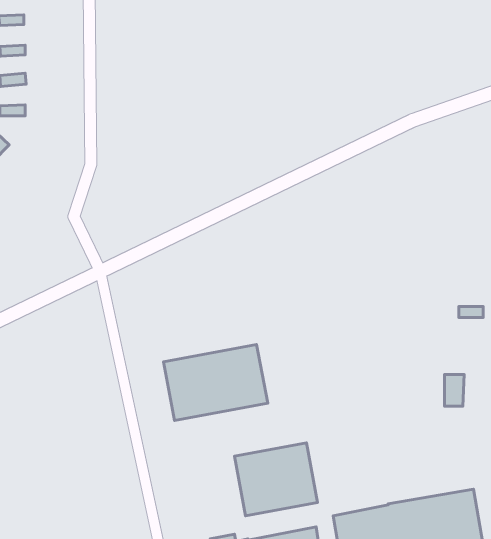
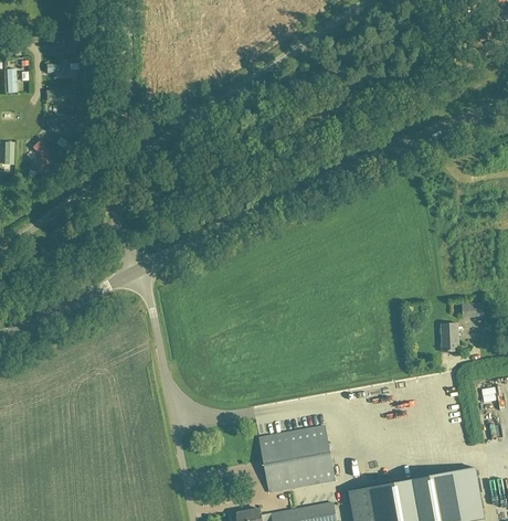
building: [163,344,268,420] -> none
building: [445,375,464,406] -> [441,319,458,348]

